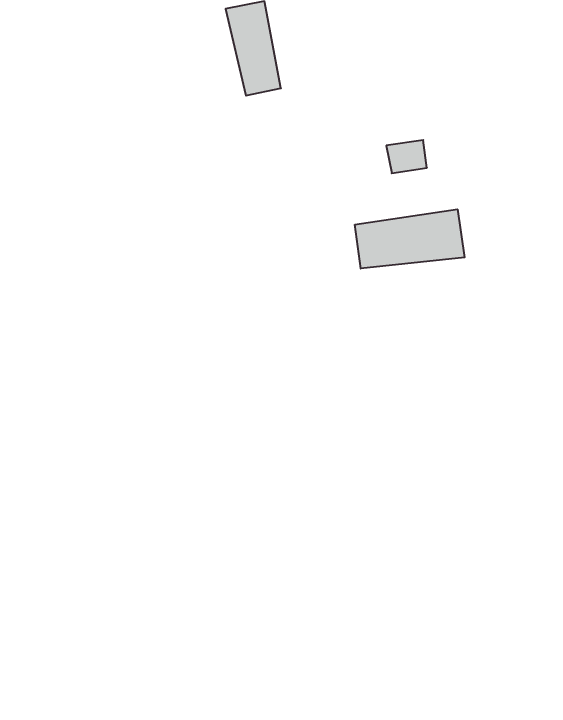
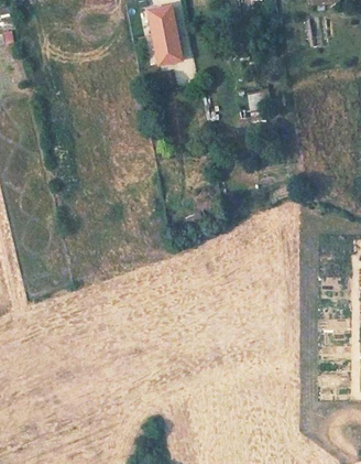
building: [355,209,465,269] -> none

